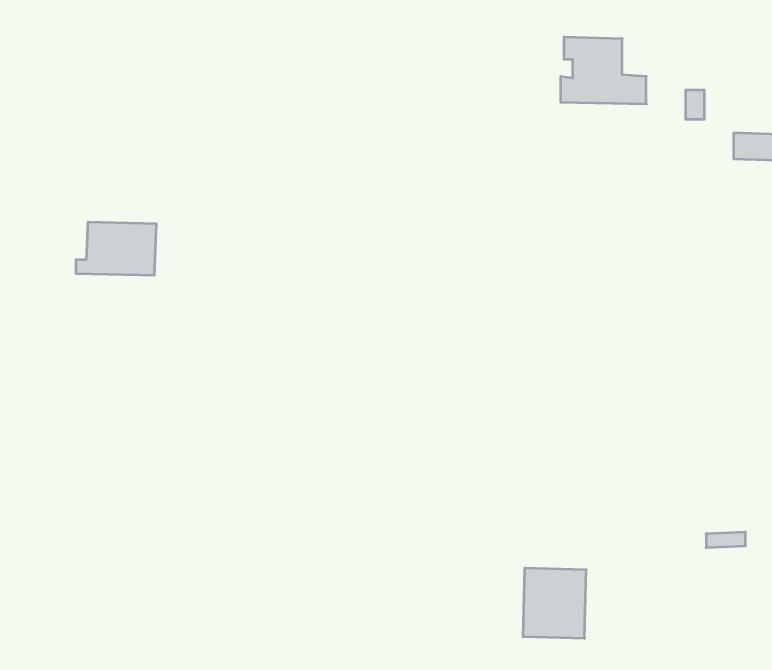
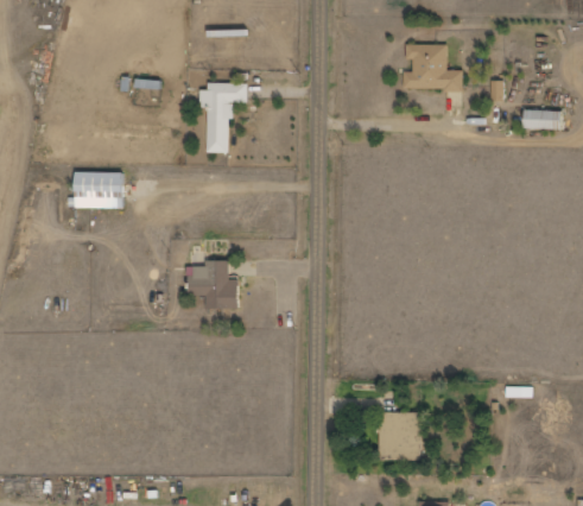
building: none -> [199,83,247,152]
building: none -> [188,260,239,308]

